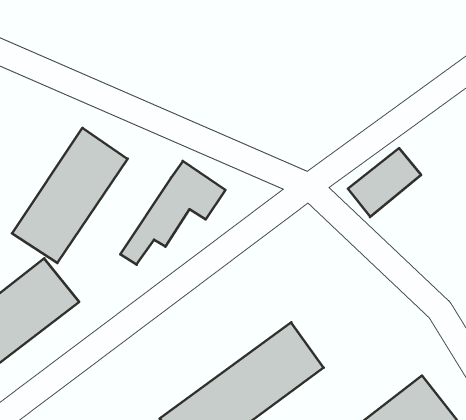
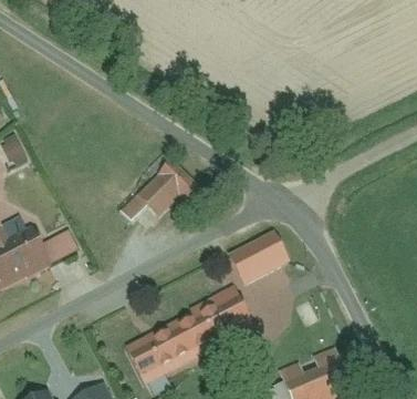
building: [12,128,128,263] -> none
building: [348,148,421,217] -> [227,233,284,282]

